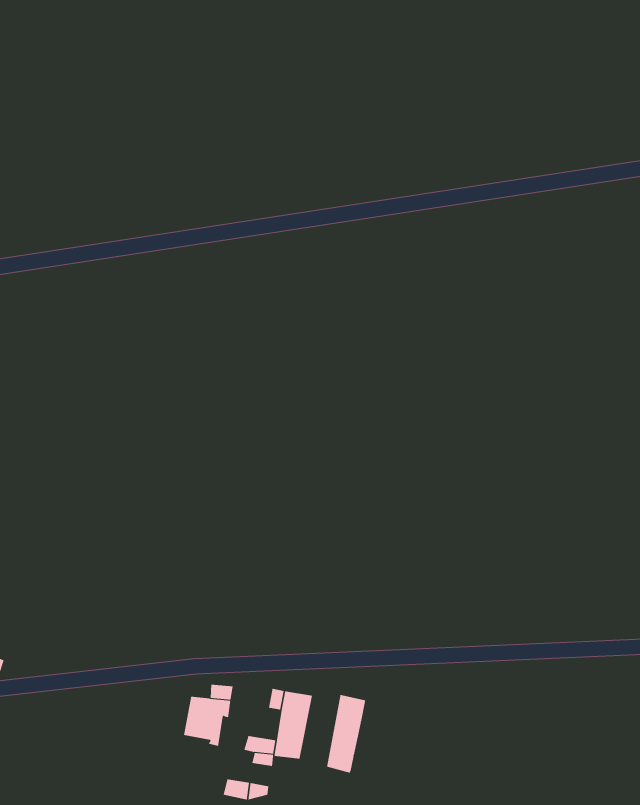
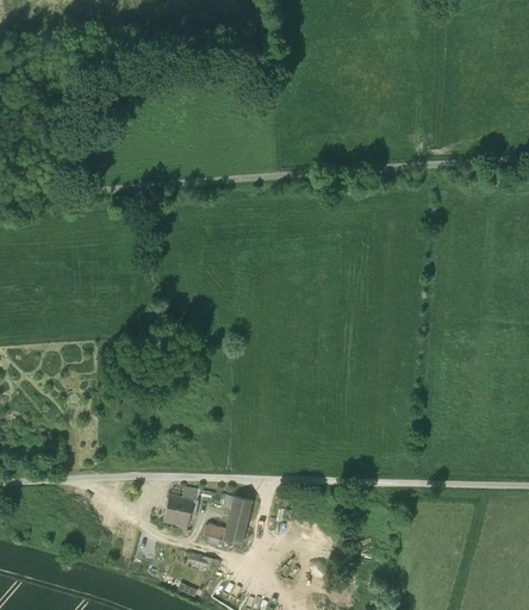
building: [327,694,366,774] -> none

